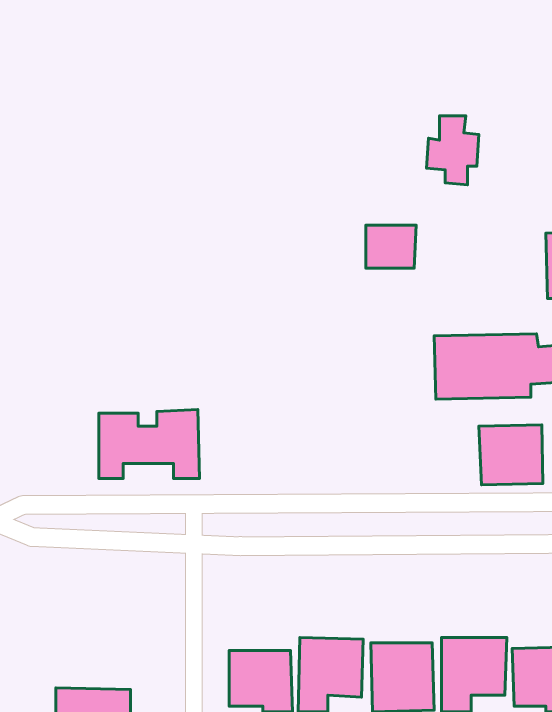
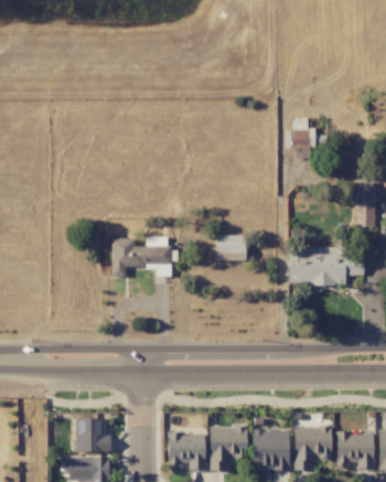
building: [366,225,416,268] -> [216,235,246,260]
building: [99,409,200,478] -> [111,236,171,277]
building: [479,425,543,485] -> none
building: none -> [75,418,111,452]

